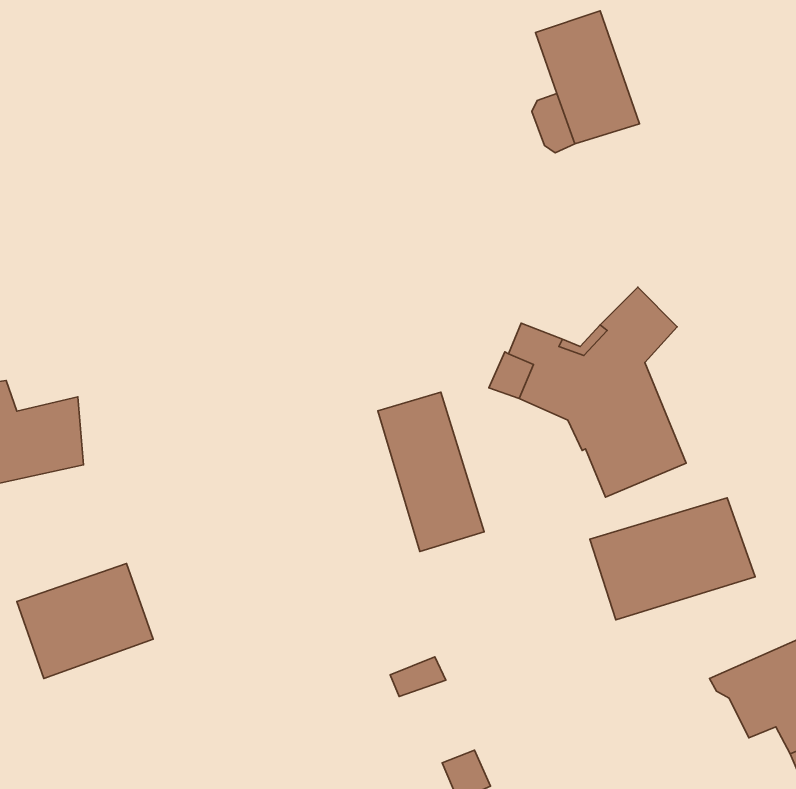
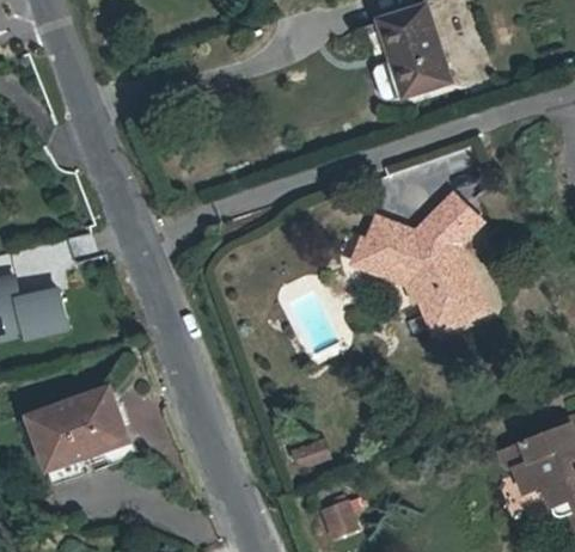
building: [378,392,484,552] -> none
building: [590,498,755,620] -> none

